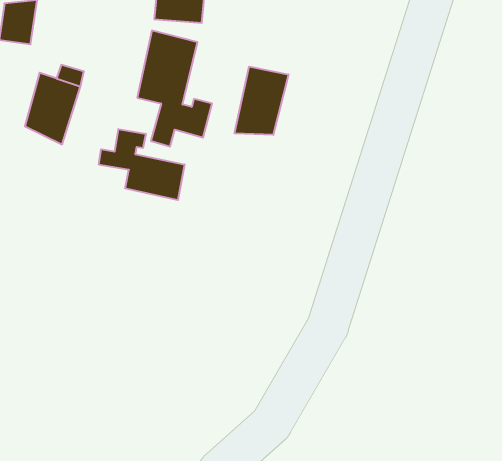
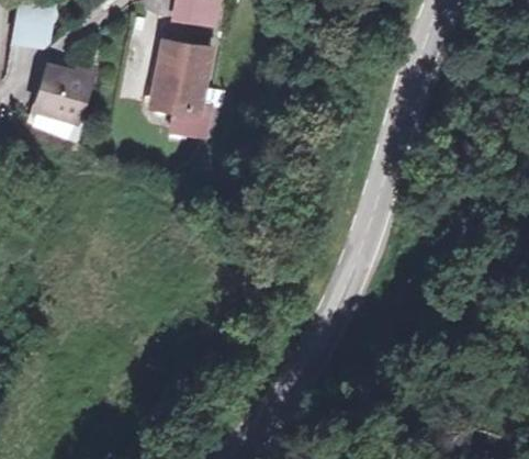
building: [235,67,288,135] -> none
building: [99,129,185,200] -> none

